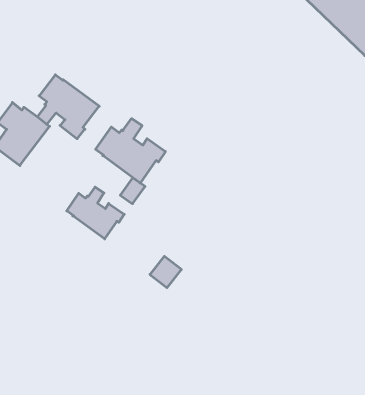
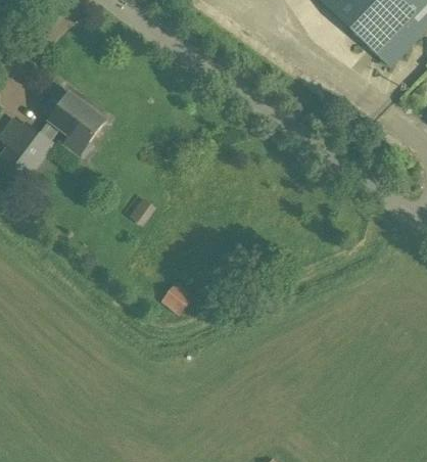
building: [96,119,165,183] -> none
building: [67,187,124,239] -> none

